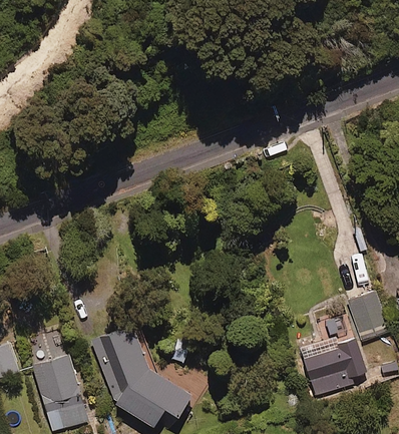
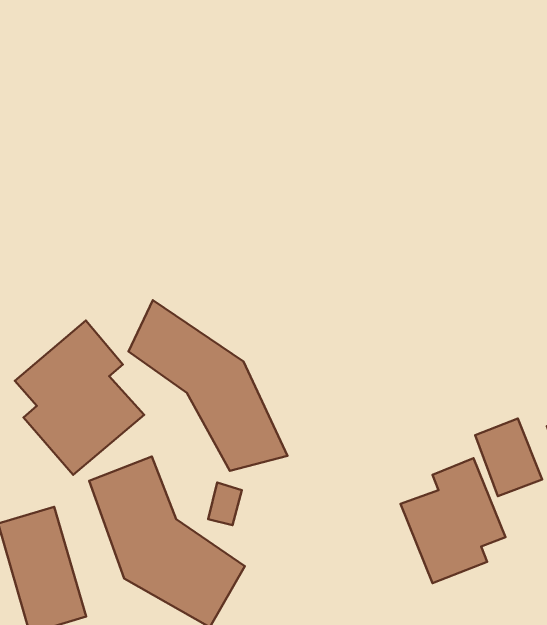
building: none -> [129,300,288,471]
building: none -> [15,321,144,475]

